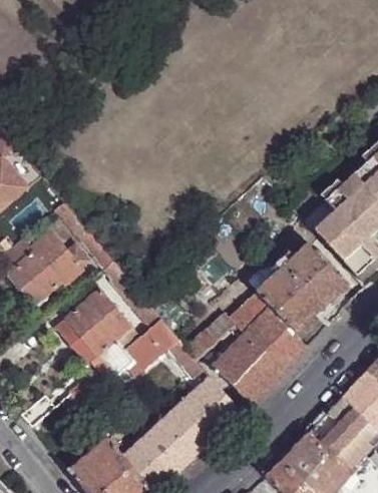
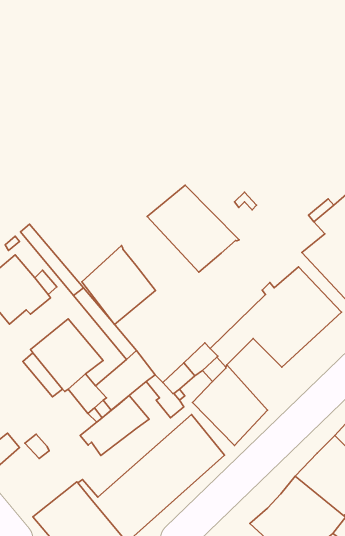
building: none -> [147,185,239,272]
building: none -> [82,246,155,324]
building: [243,309,304,374] -> none
building: none -> [80,396,149,456]

